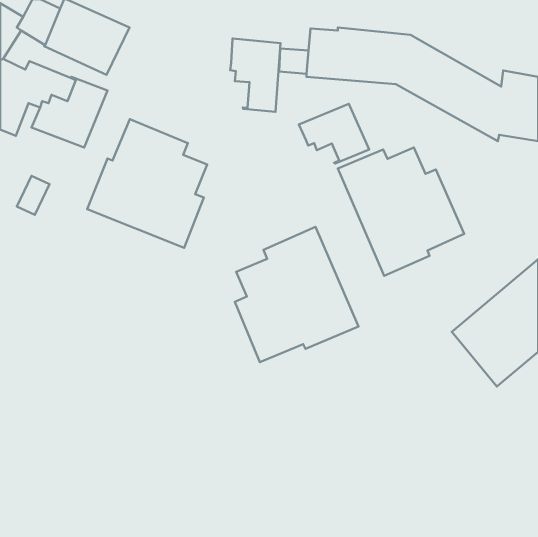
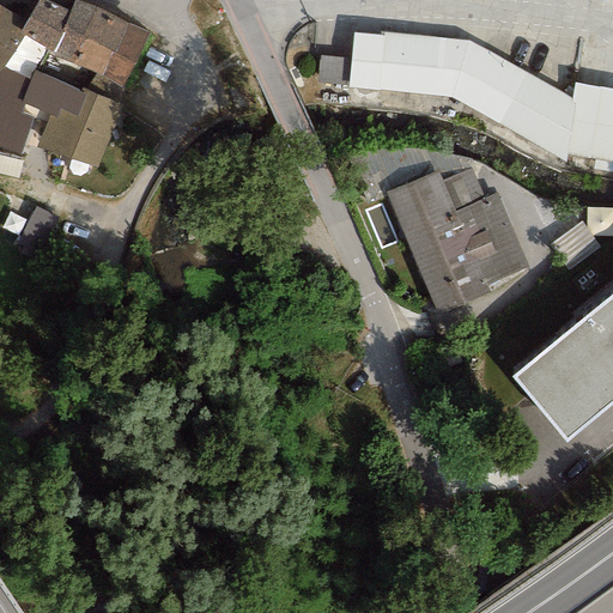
building: [230,39,280,112] -> none
building: [299,104,369,164] -> none
building: [87,119,207,248] -> none
building: [235,227,358,362] -> none

